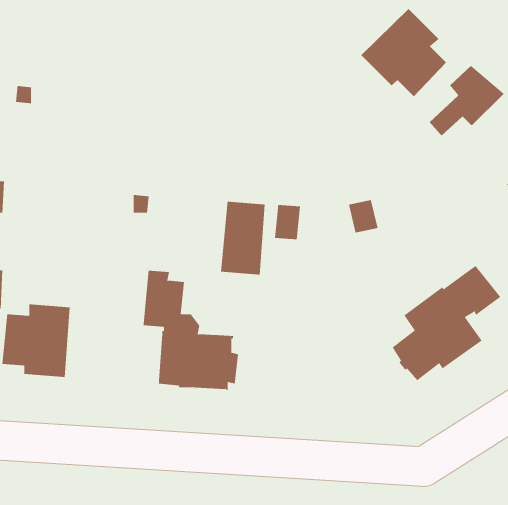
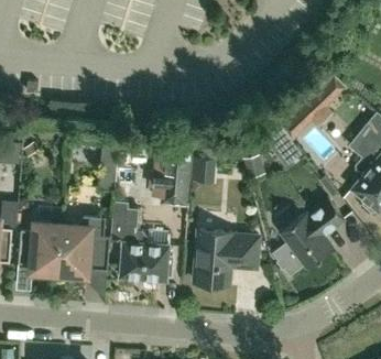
building: [361,8,447,97] -> none
building: none -> [59,215,110,274]
building: none -> [195,230,259,285]

